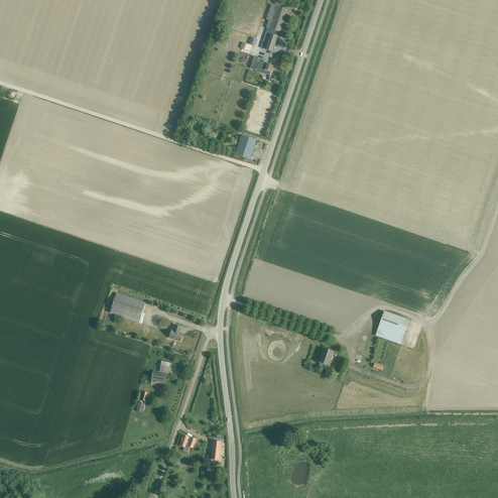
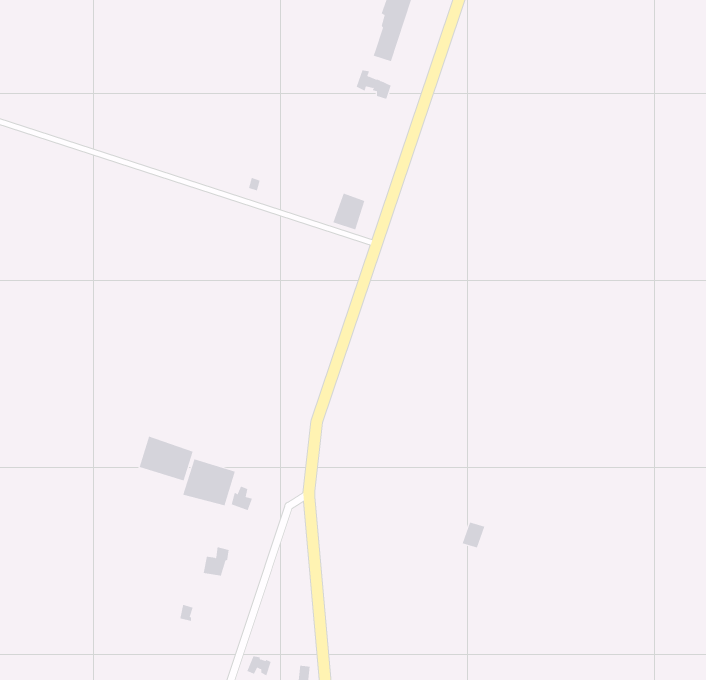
building: none -> [183,458,235,506]
building: [375,310,408,344] -> none

